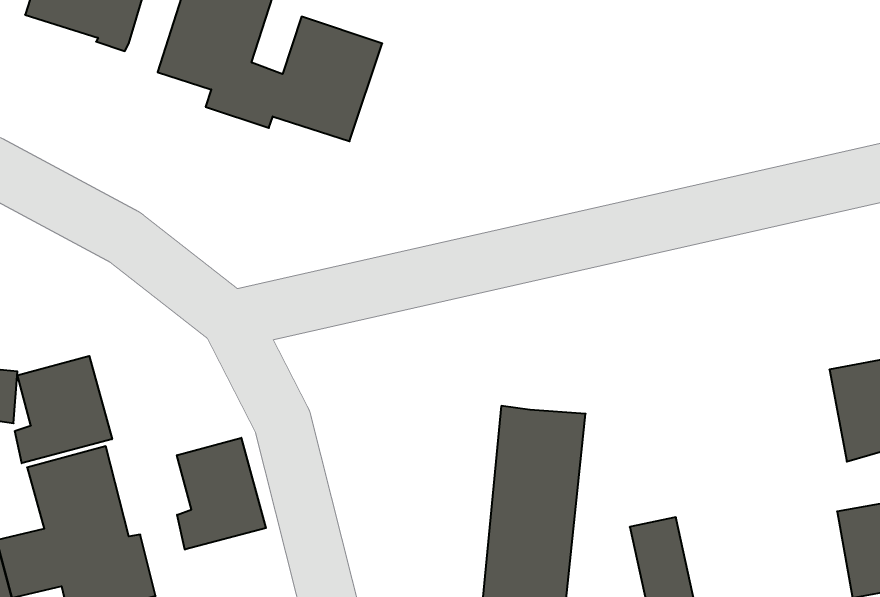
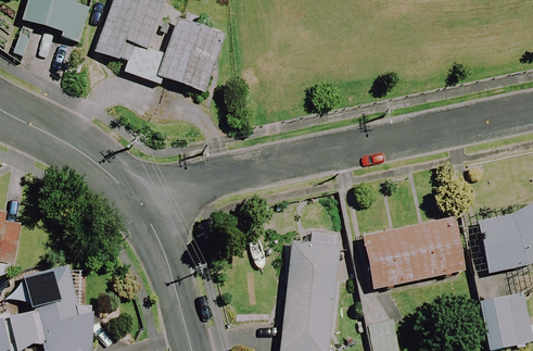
building: [15,356,112,463] -> none
building: none -> [363,217,464,288]
building: [177,438,266,550] -> none

